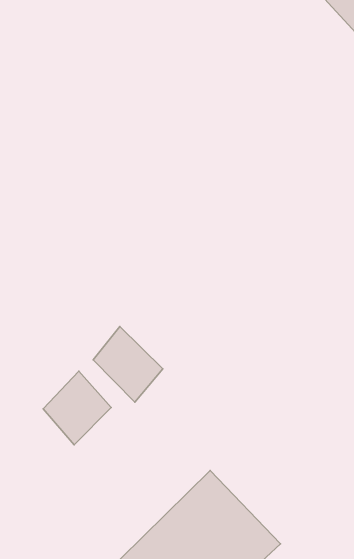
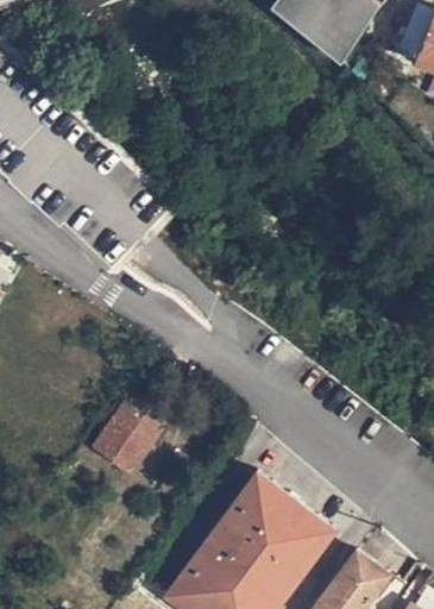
building: [93,327,163,402] -> none

